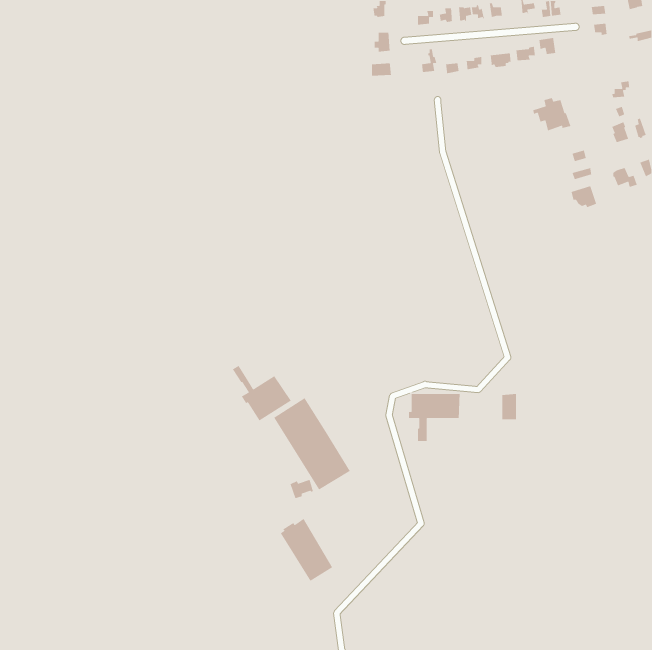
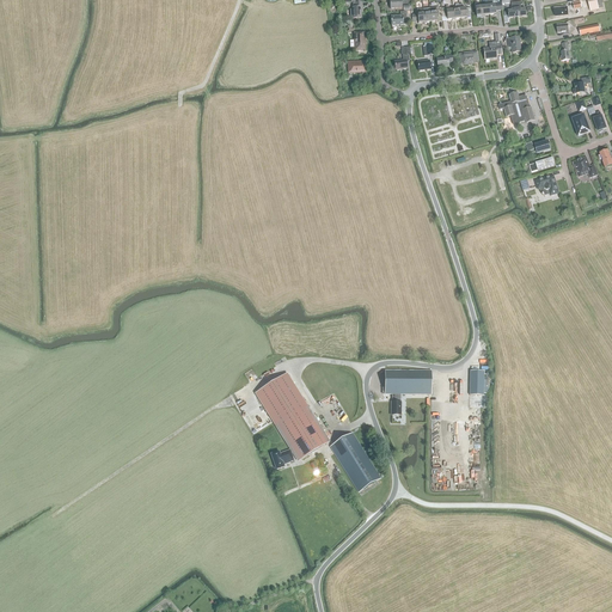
building: [232,365,292,421] -> none
building: [280,518,333,582] -> [330,430,380,490]

